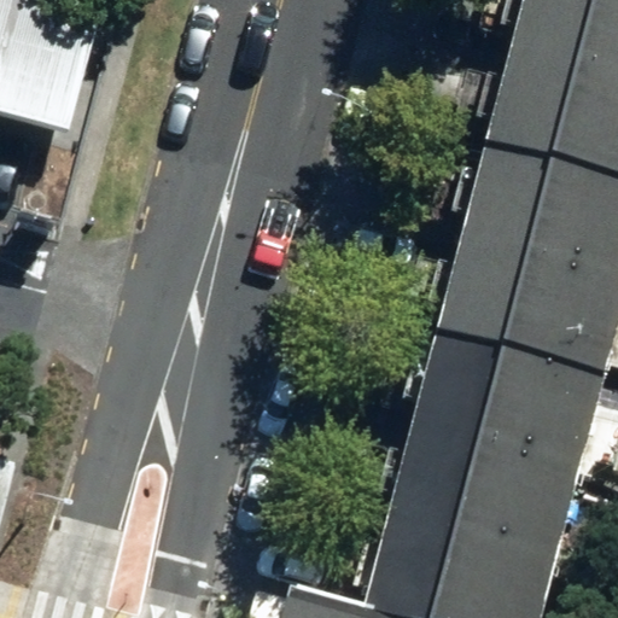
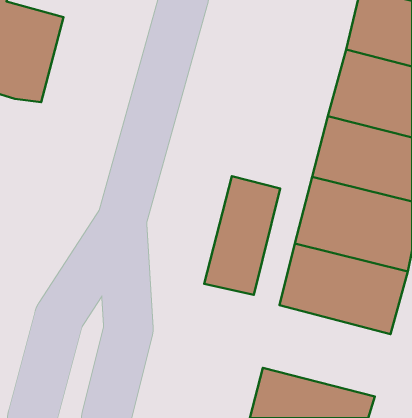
building: none -> [204,176,280,295]
building: [385,448,572,582] -> none

